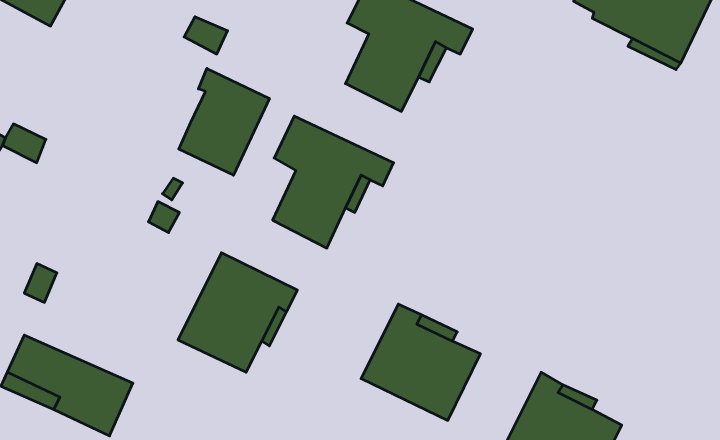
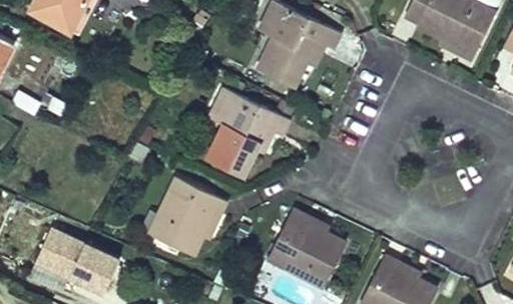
building: [179,68,269,175] -> none

